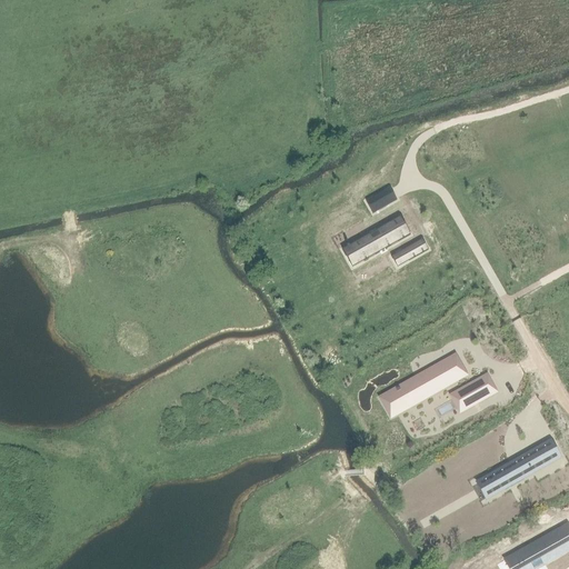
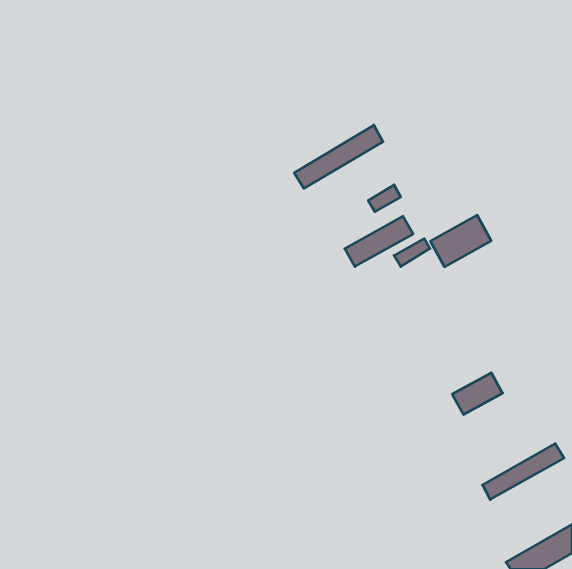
building: none -> [294,125,383,188]
building: none -> [431,215,491,267]
building: [378,350,470,417] -> none

